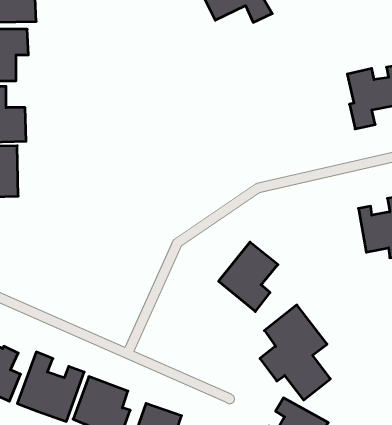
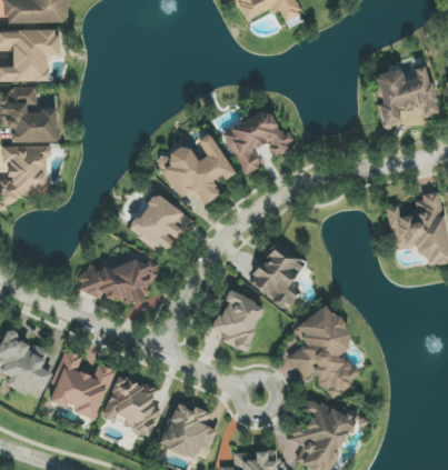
building: none -> [226,109,291,174]
building: none -> [158,132,233,206]
building: none -> [130,193,193,249]
building: none -> [78,253,160,308]
building: none -> [210,291,265,351]

